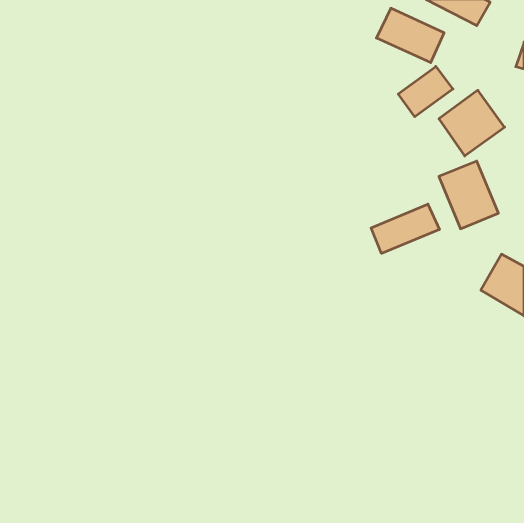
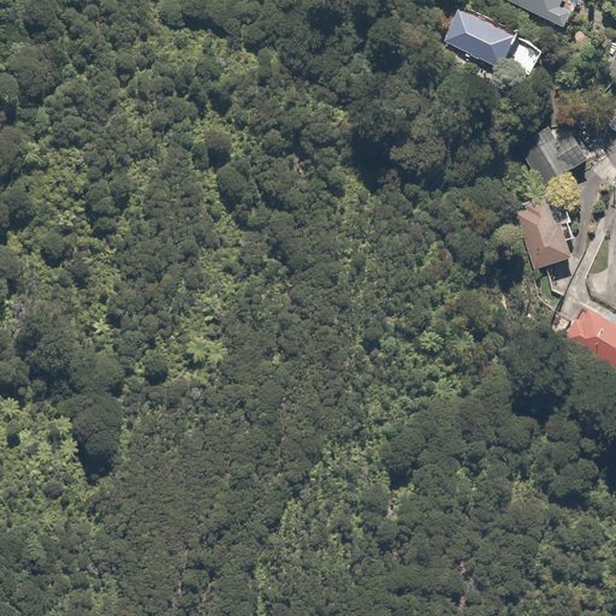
building: [398,66,453,117] -> none
building: [371,204,439,253] -> none

